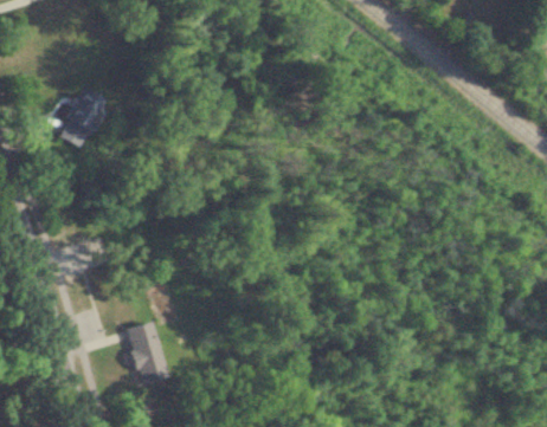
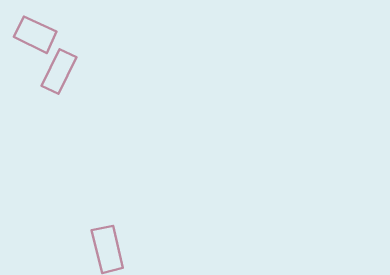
building: none -> [14,16,57,53]

